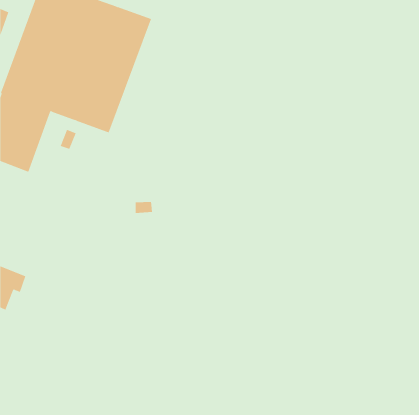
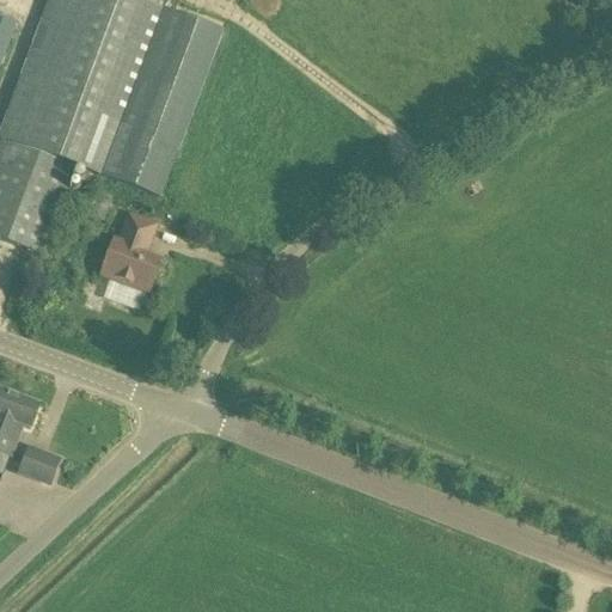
building: none -> [99,210,159,289]
building: none -> [17,445,57,481]

